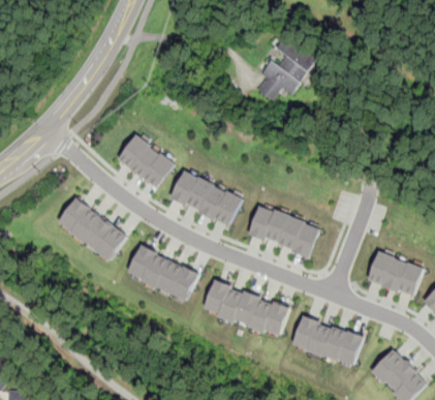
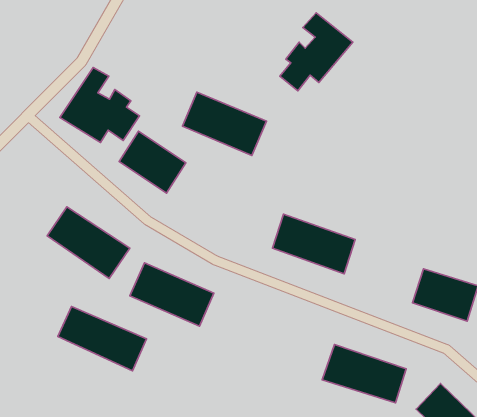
building: none -> [60,68,140,142]
building: [170,171,242,224] -> [182,92,266,155]
building: [203,280,287,335] -> none
building: none -> [58,306,146,371]

